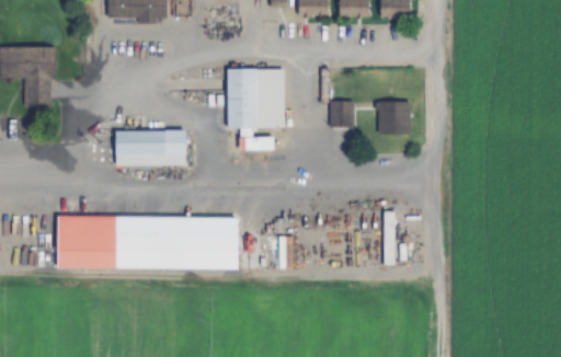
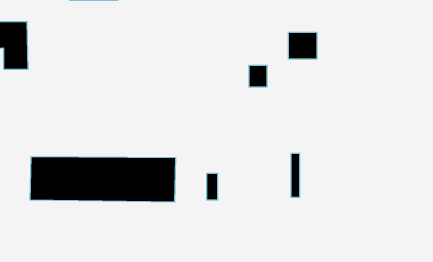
building: [227,68,284,151] -> none
building: [375,102,411,135] -> [288,32,317,59]
building: [115,130,186,165] -> none

